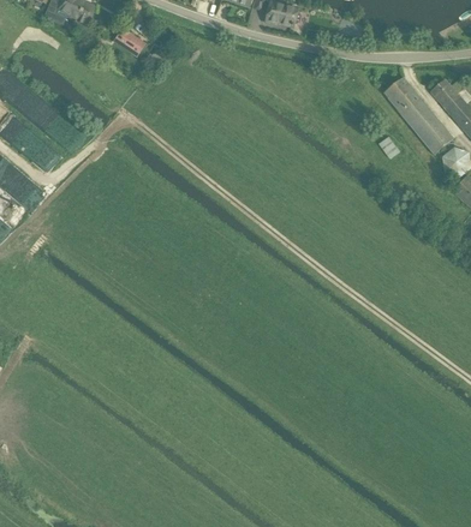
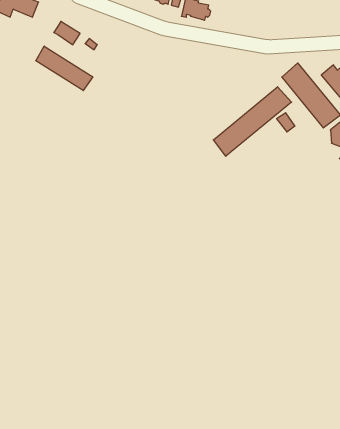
building: none -> [36,46,93,91]
building: none -> [213,87,292,156]

